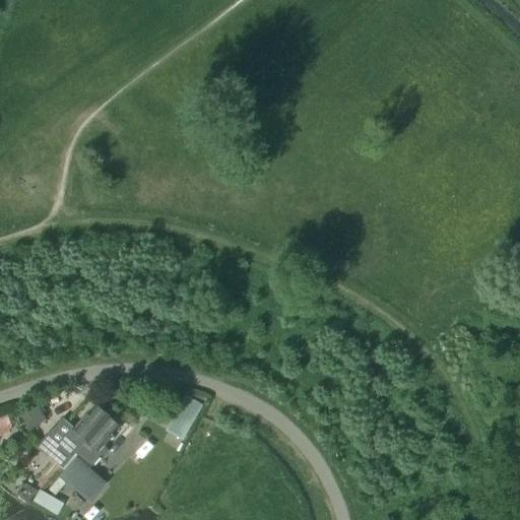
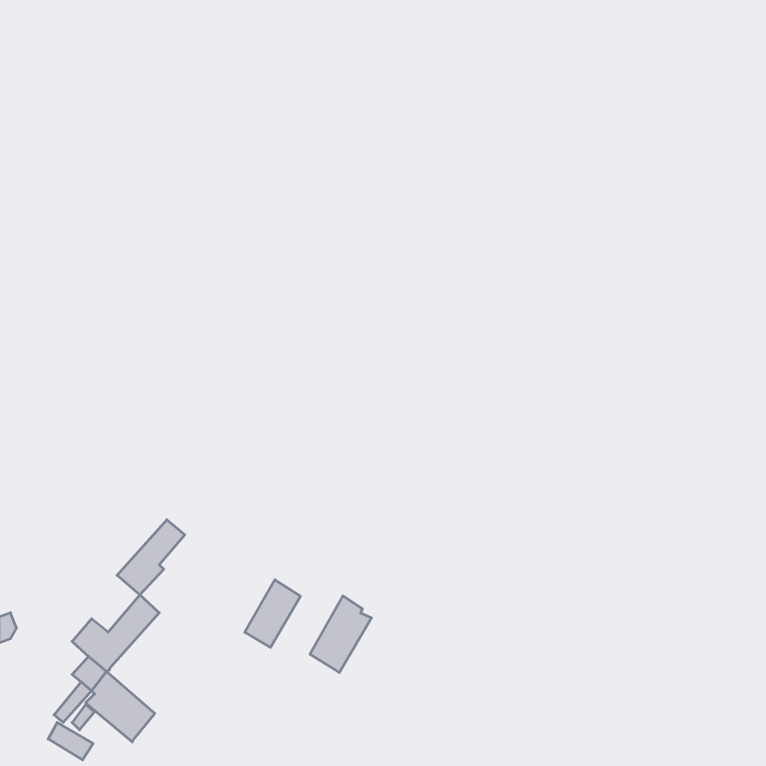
building: none -> [310,596,372,673]
building: [74,414,120,465] -> [117,520,185,595]

